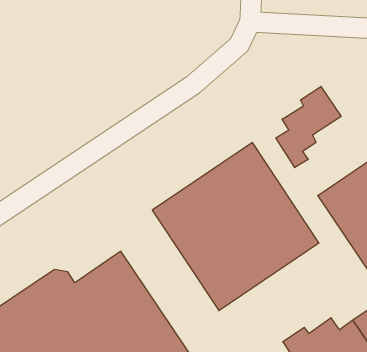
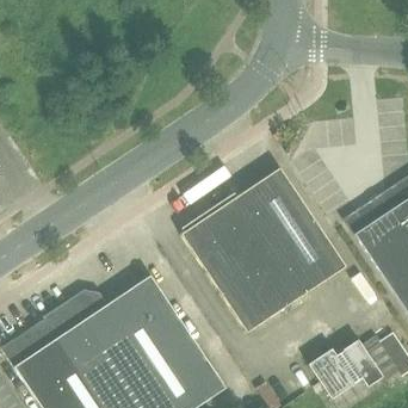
building: [276,86,341,168] -> none

